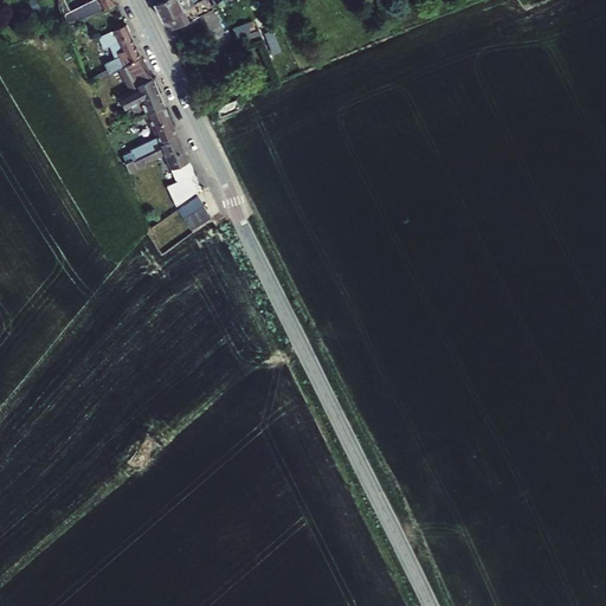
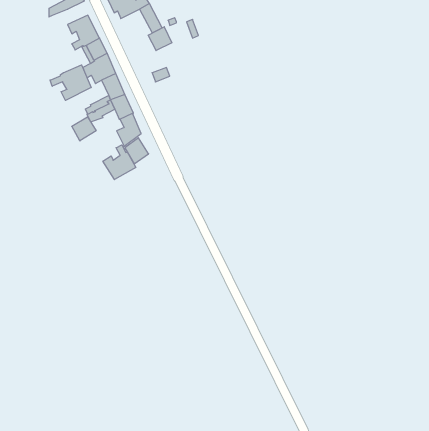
building: none -> [148,27,172,51]
building: none -> [50,65,91,100]
building: none -> [72,117,96,141]
building: none -> [103,145,136,180]

